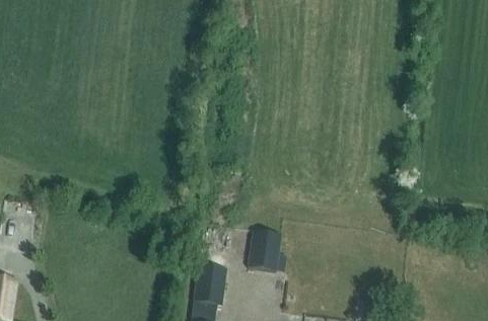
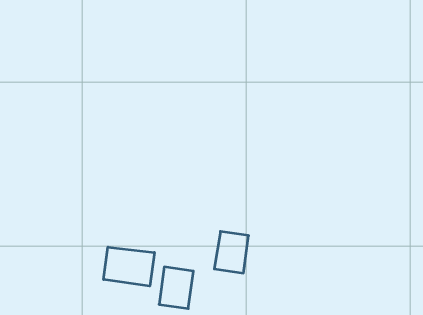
building: none -> [104,247,154,286]

